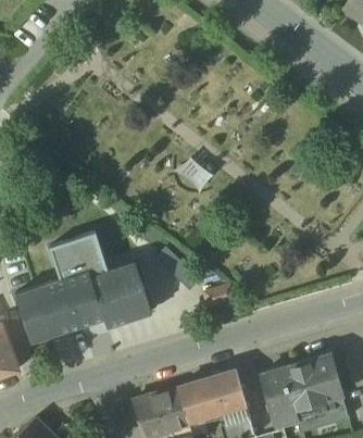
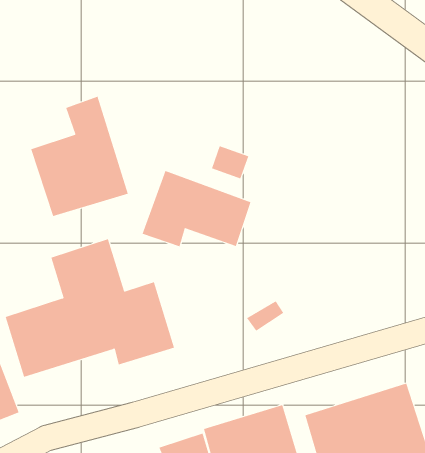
building: none -> [30,96,128,217]
building: none -> [142,170,251,247]

